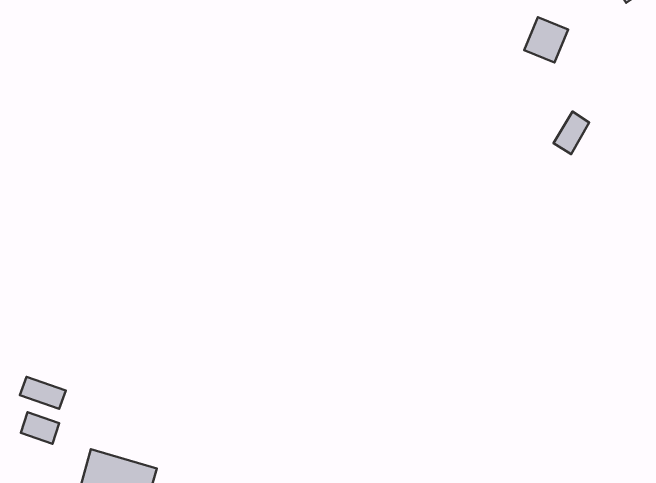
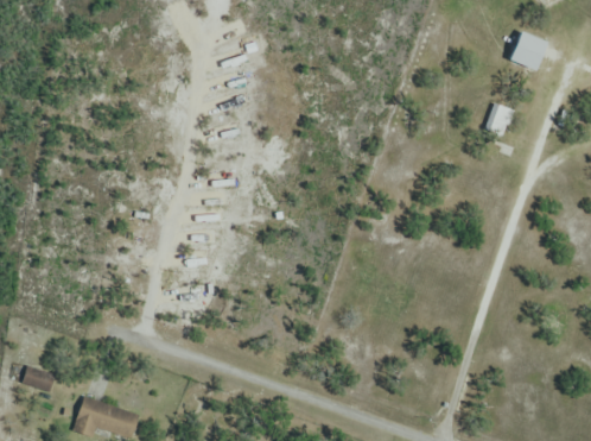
building: [524,17,568,62] -> [509,32,547,71]
building: [20,377,66,409] -> none

